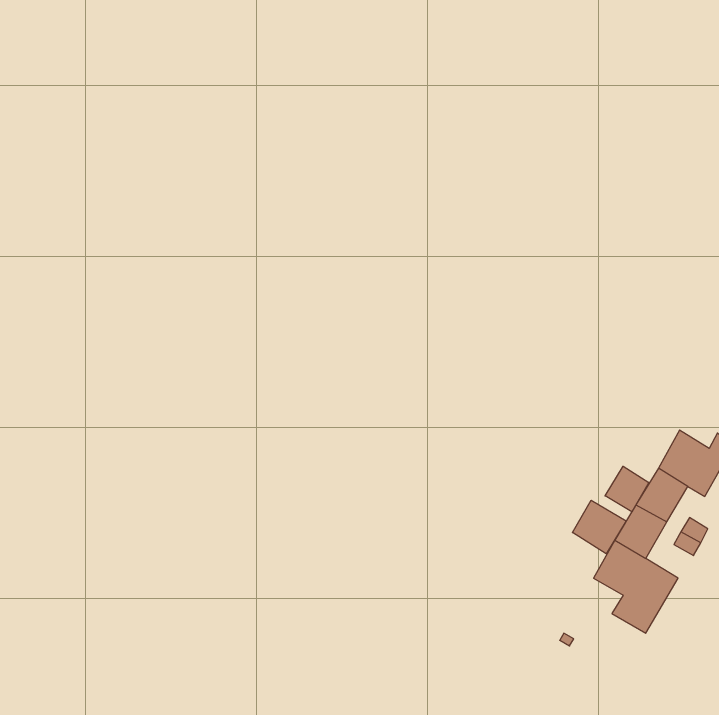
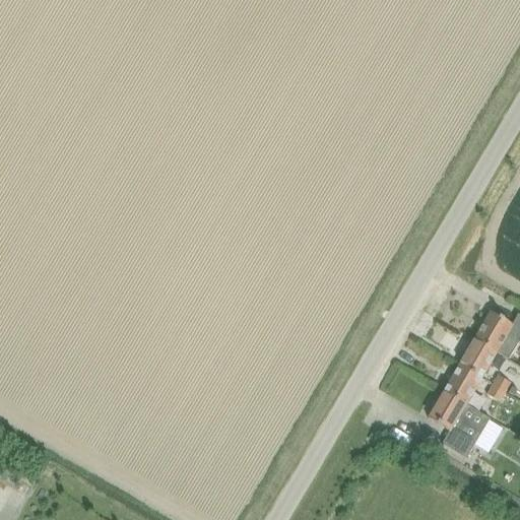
building: [605,466,649,512] -> none
building: [572,500,626,554] -> none

